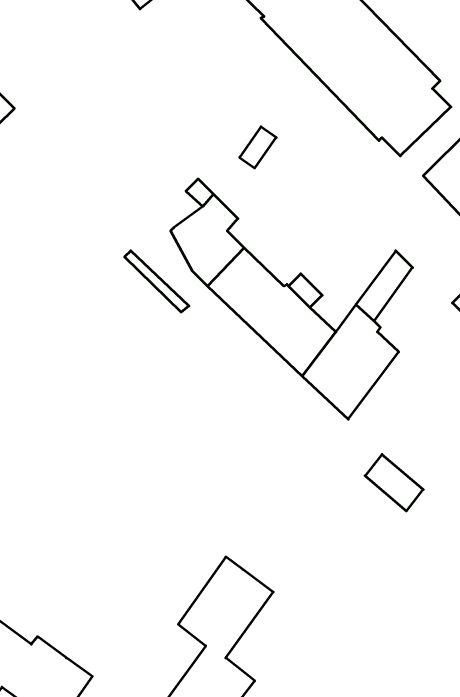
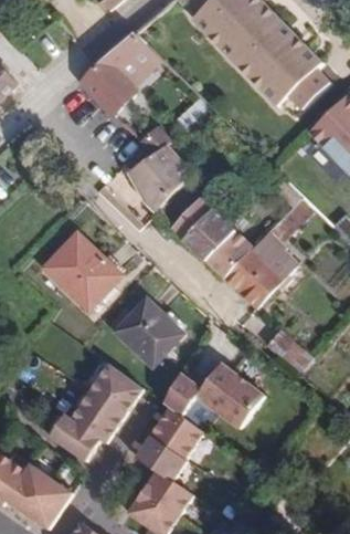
building: none -> [78,31,160,114]
building: none -> [43,233,120,310]
building: none -> [114,297,183,366]
building: none -> [162,363,263,427]
building: none -> [50,364,142,460]

